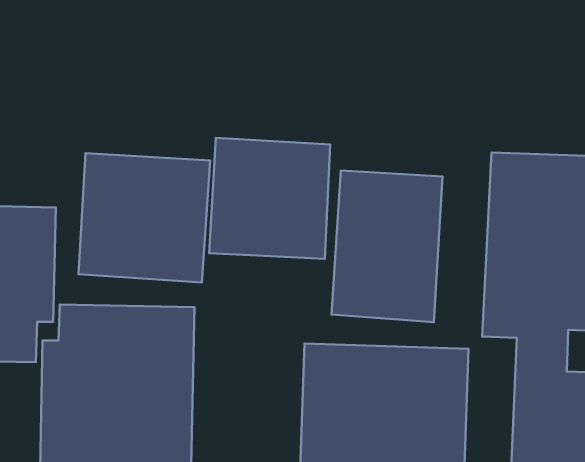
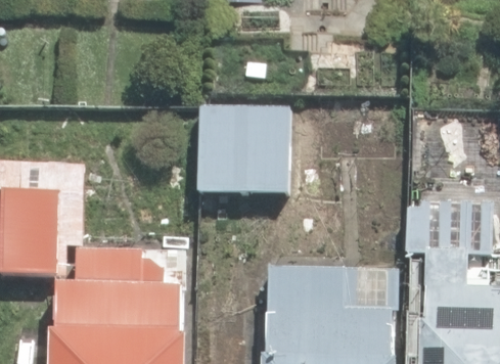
building: [78,153,210,283] -> none
building: [331,171,442,322] -> none

